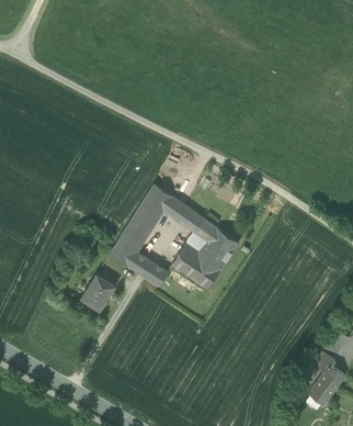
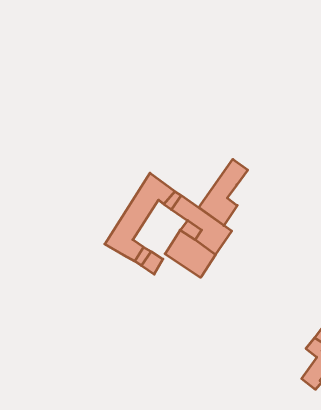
building: none -> [199,159,248,226]
building: [81,274,115,310] -> none

